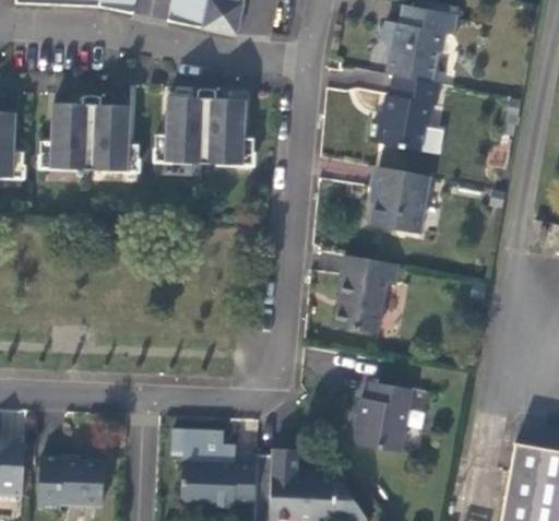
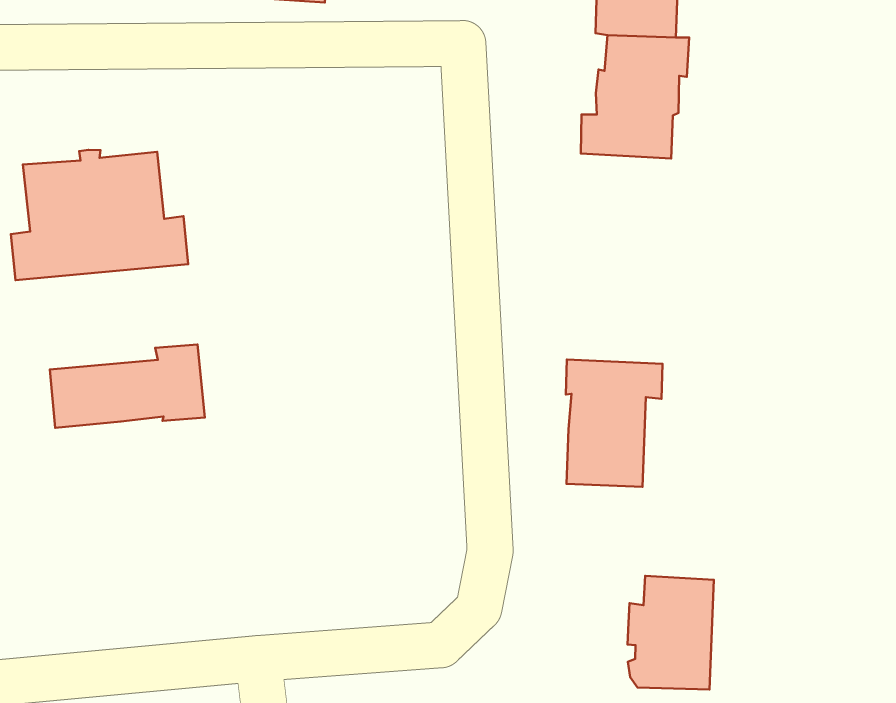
building: [156,93,253,164] -> none
building: [370,165,430,230] -> none
building: none -> [50,344,205,428]

